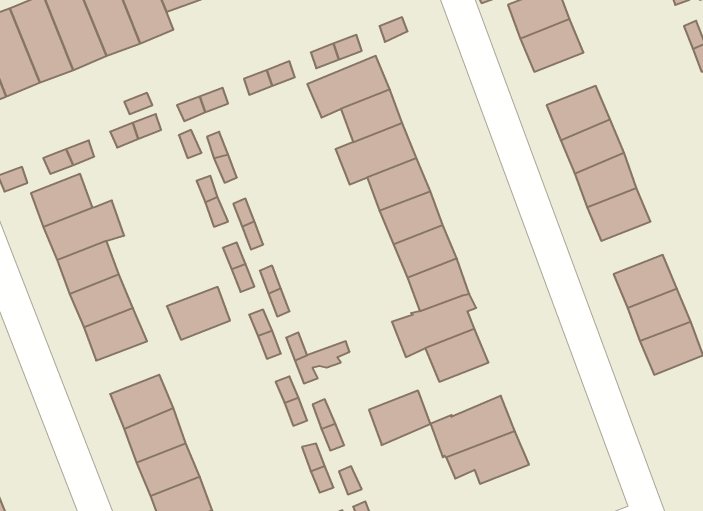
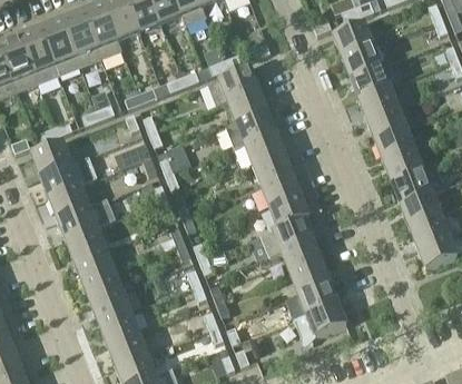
building: none -> [351,63,390,97]
building: none -> [393,165,445,204]
building: [167,287,230,340] -> [73,246,114,279]
building: [369,391,430,445] -> [291,259,330,294]

